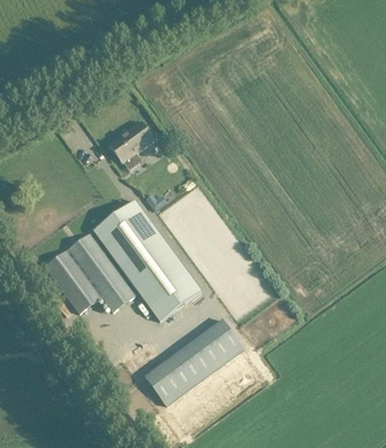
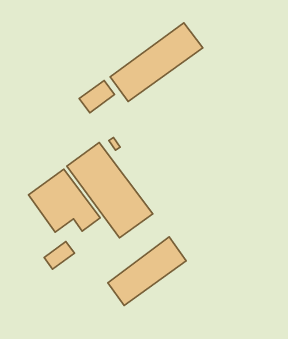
building: none -> [110,23,203,102]
building: none -> [44,241,74,269]

